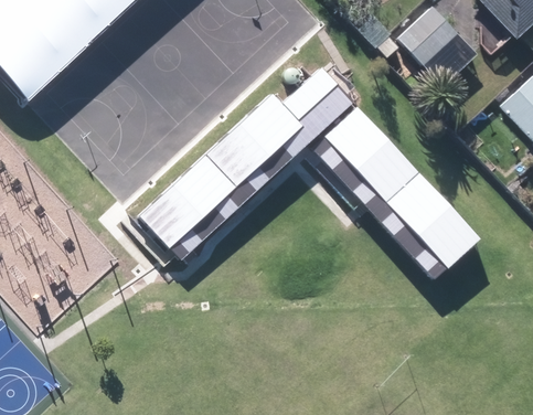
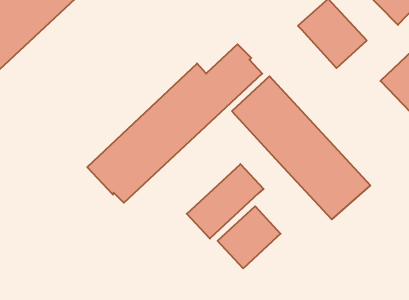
building: none -> [187,164,264,239]
building: none -> [218,206,281,268]

